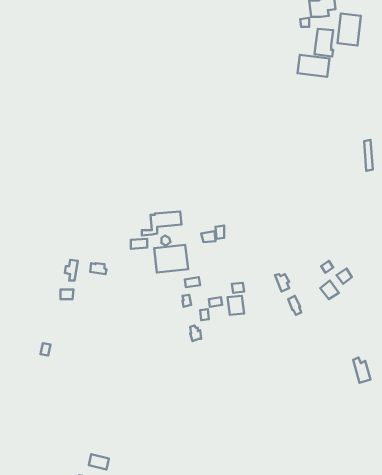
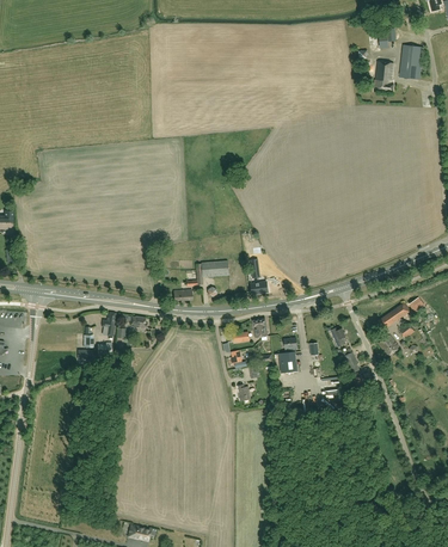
building: [298,55,330,77] -> none
building: [154,245,188,273] -> none

